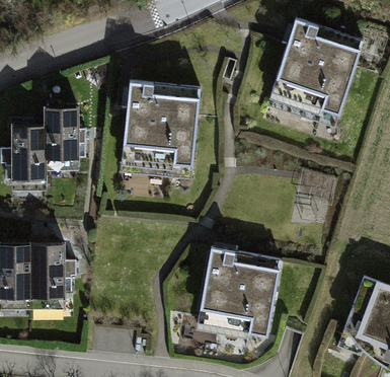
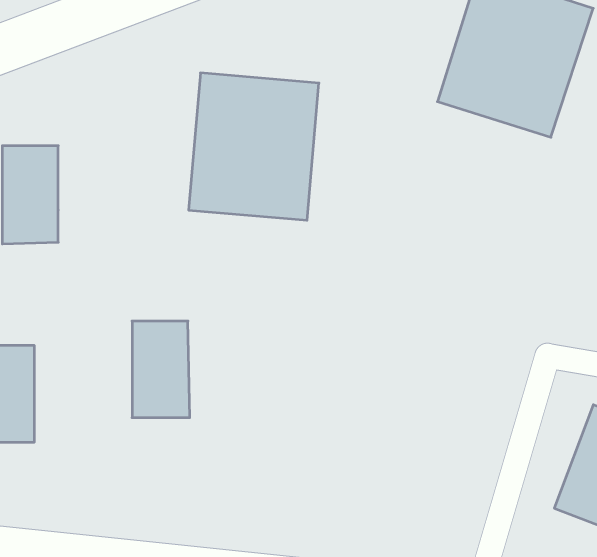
building: [44,105,78,161] -> none
building: [30,242,65,300] -> [132,321,190,418]
building: [198,247,281,334] -> none

